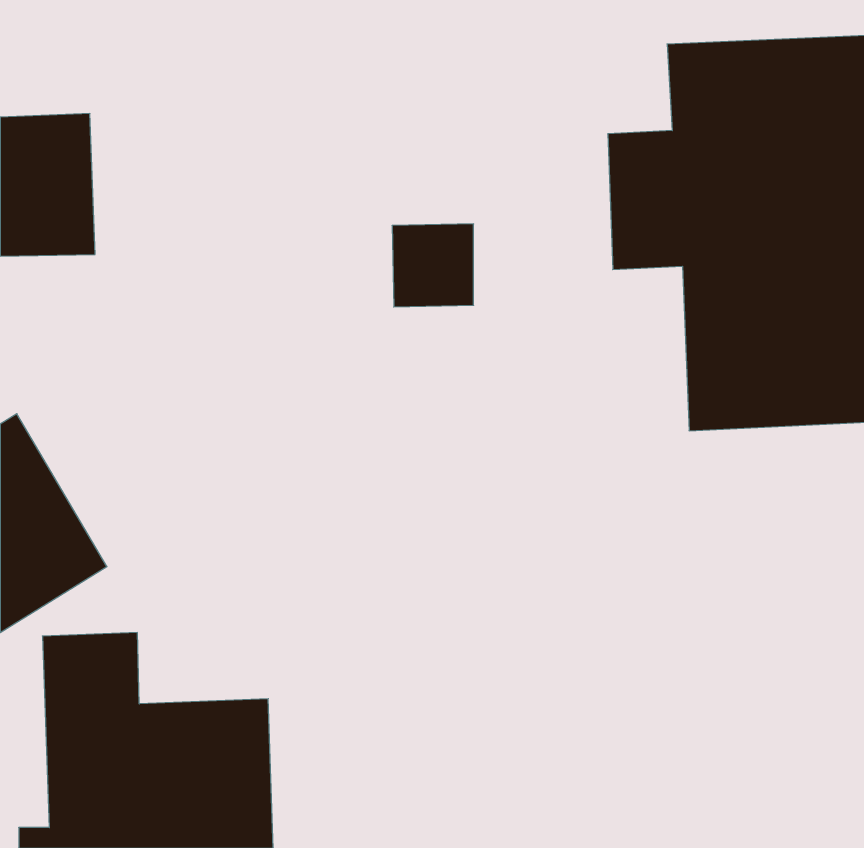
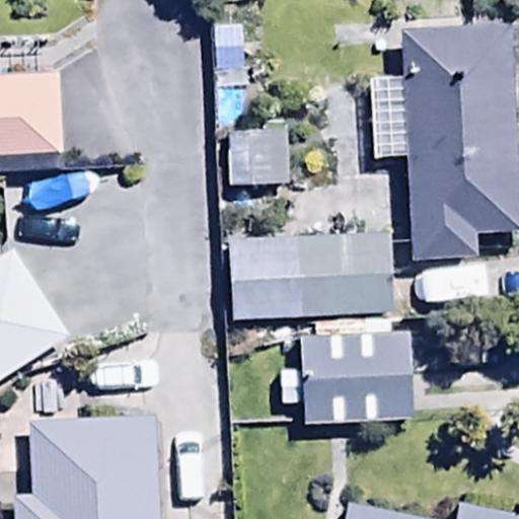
building: none -> [230,236,392,319]
building: none -> [299,330,413,423]

